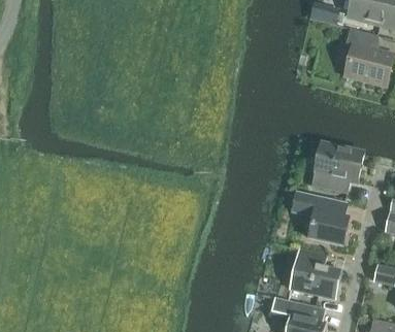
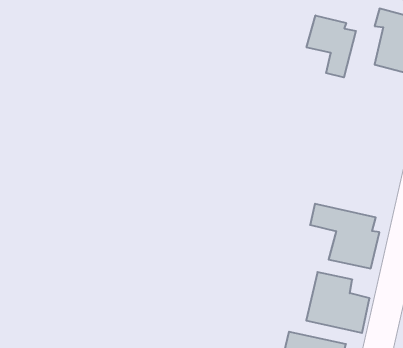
building: none -> [307,15,356,77]
building: [314,141,364,189] -> none

